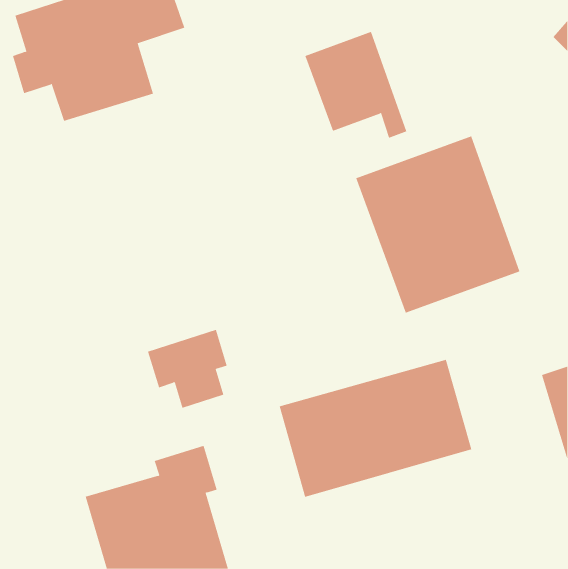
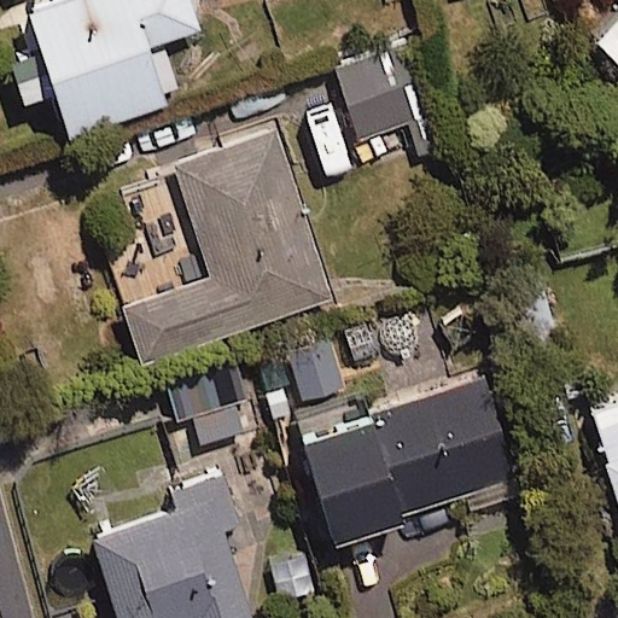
building: none -> [123,127,337,363]
building: [356,135,520,313] -> none

